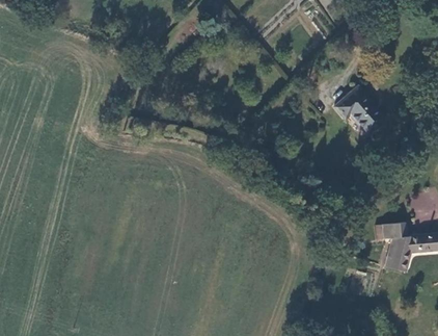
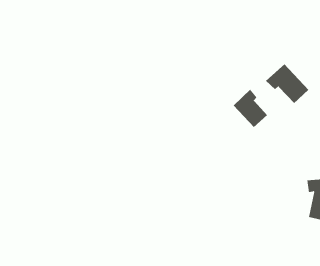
building: none -> [233,89,268,128]

